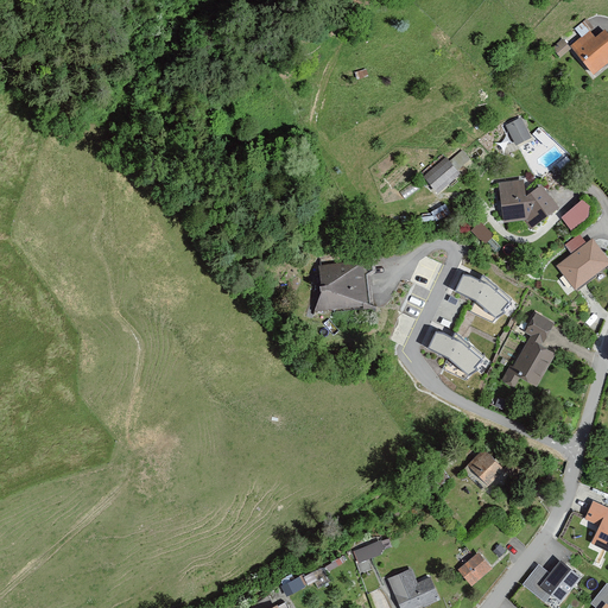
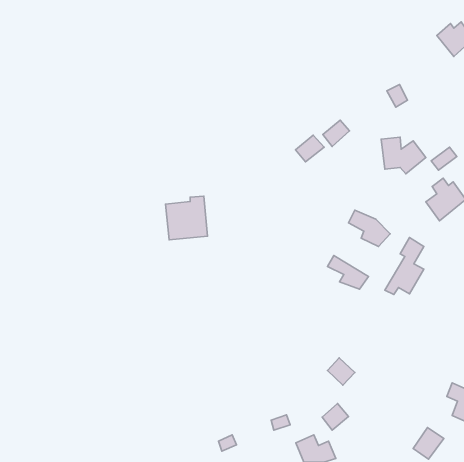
building: none -> [295,135,324,162]
building: [311,254,366,311] -> [166,196,207,240]
building: [468,449,504,484] -> [327,358,355,385]
building: [457,551,492,585] -> [322,404,348,430]

